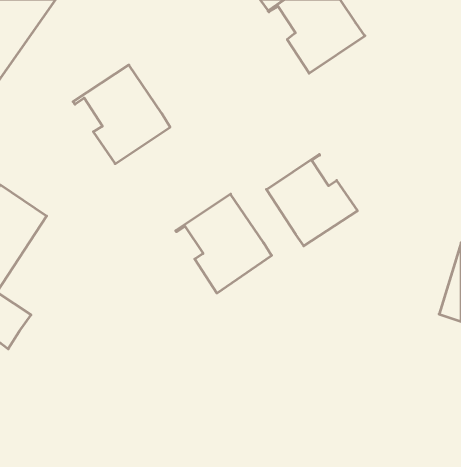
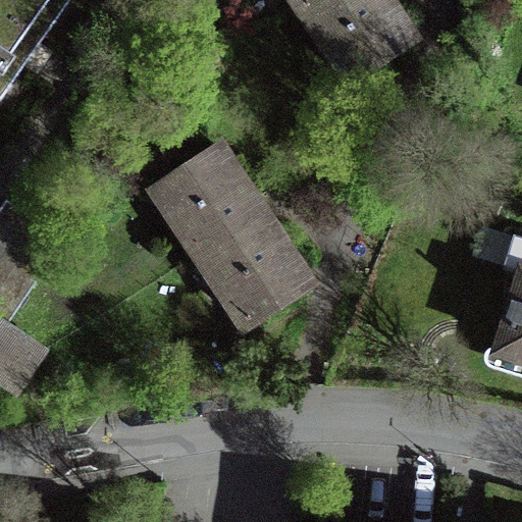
building: [73,65,170,164] -> [149,147,257,257]
building: [266,154,357,246] -> none

